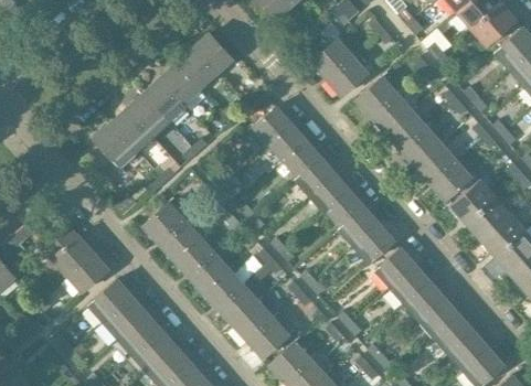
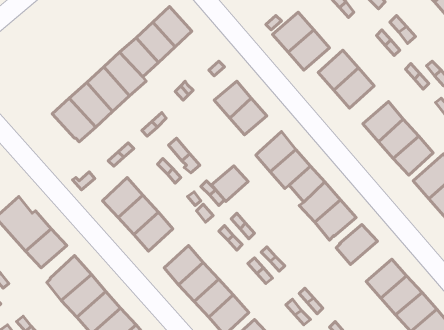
building: [387,111,426,149] -> none
building: [284,141,320,176] -> [211,166,248,202]
building: [189,253,229,291] -> none
building: [389,265,429,304] -> none

